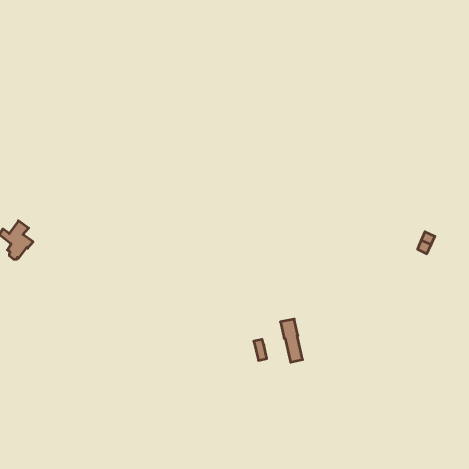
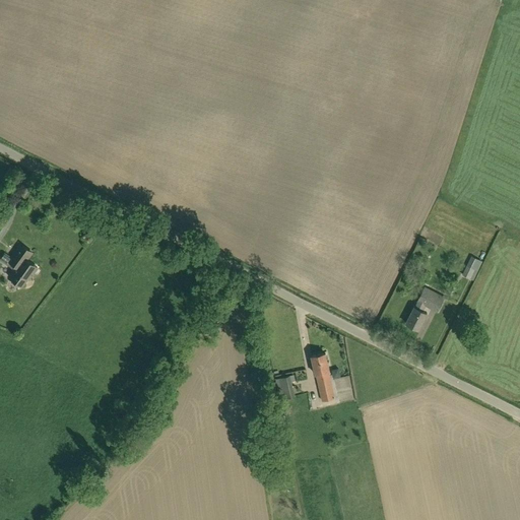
building: none -> [405,288,444,331]

